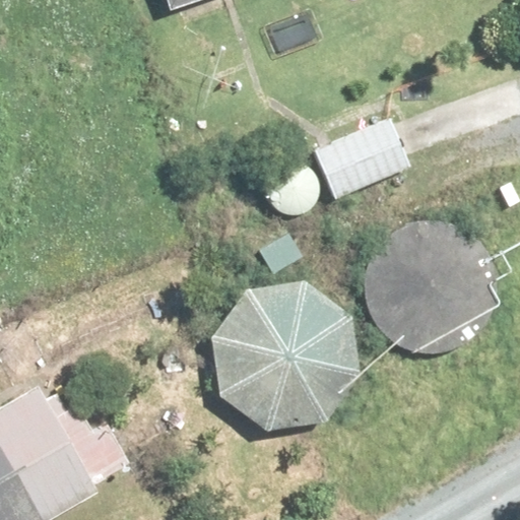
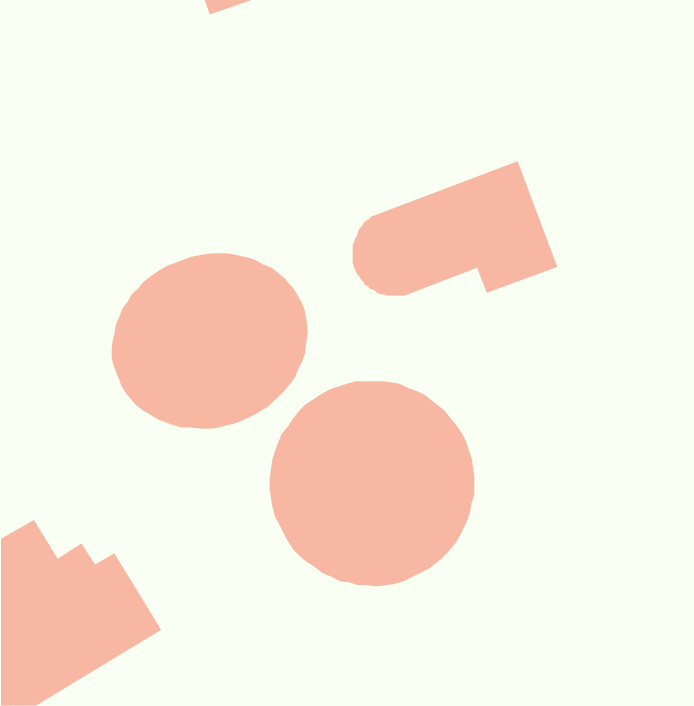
building: none -> [111,252,308,429]
building: [361,221,500,359] -> none

